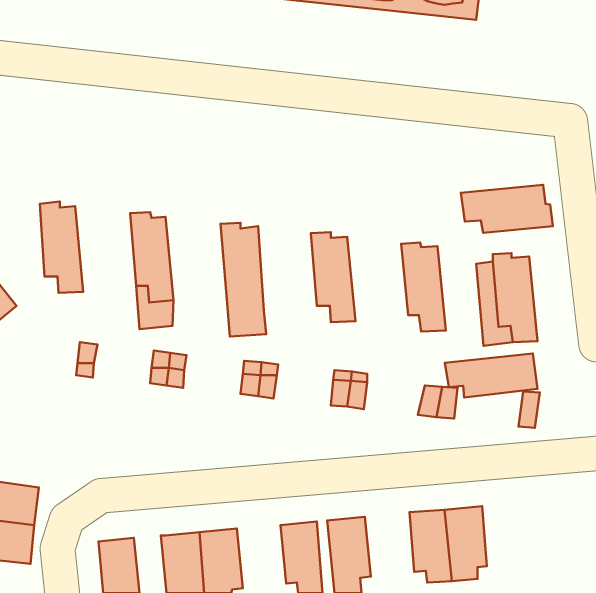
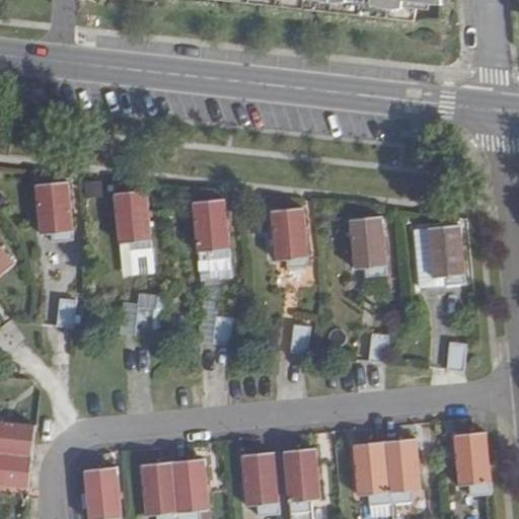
building: [461,185,553,233] -> none
building: [445,354,538,398] -> none
building: none -> [454,431,491,495]

